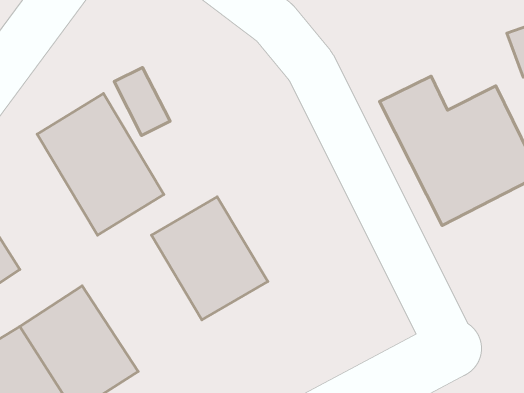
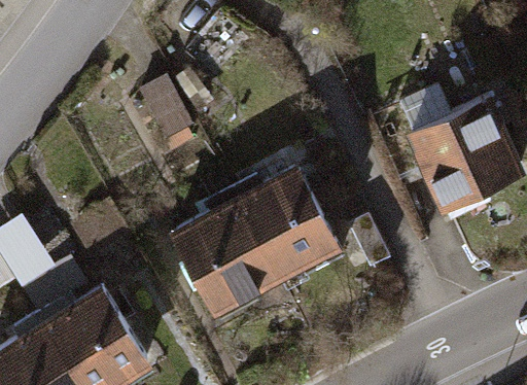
building: [37,93,164,235] -> none
building: none -> [230,163,338,279]

